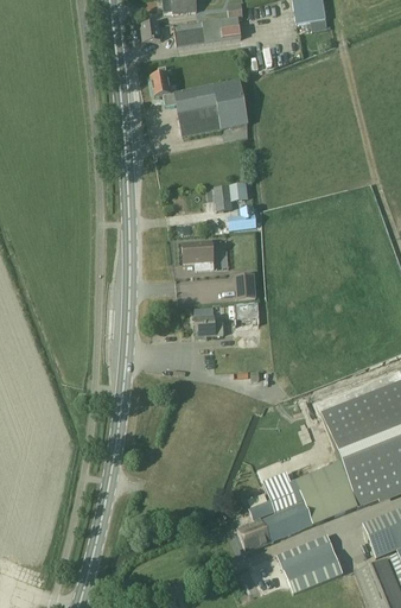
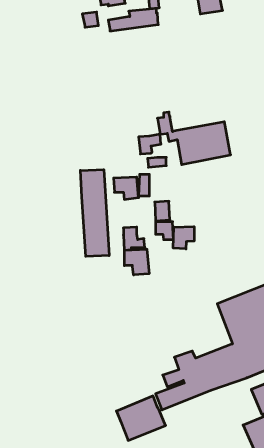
building: [151,65,248,135] -> [157,112,231,165]
building: none -> [80,170,109,256]
building: none -> [173,227,194,249]
building: none -> [124,249,149,275]
building: [278,533,343,593] -> [116,396,166,440]

